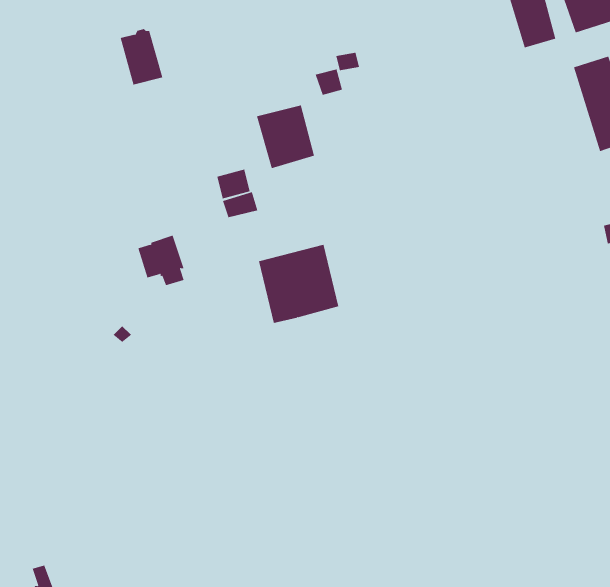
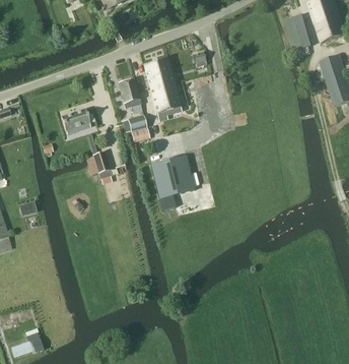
building: [120,29,163,85] -> [118,78,141,109]
building: none -> [144,59,173,86]
building: none -> [61,110,94,134]

